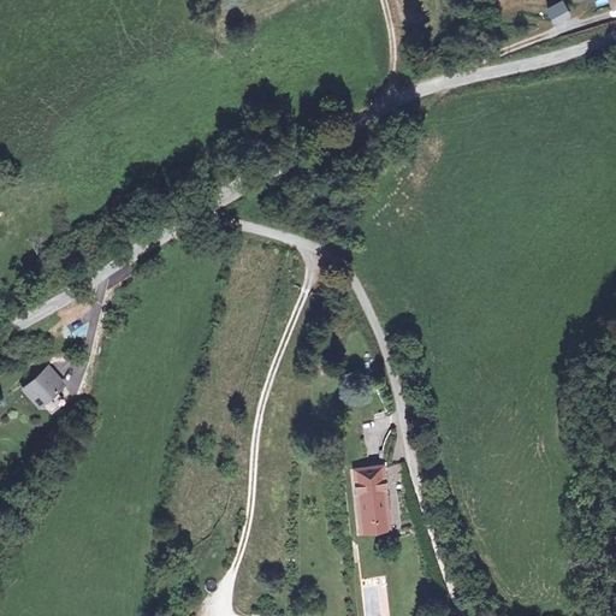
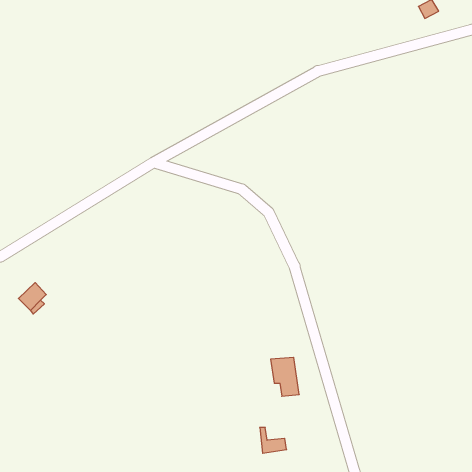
building: [357,499,392,533] -> [260,427,287,453]

